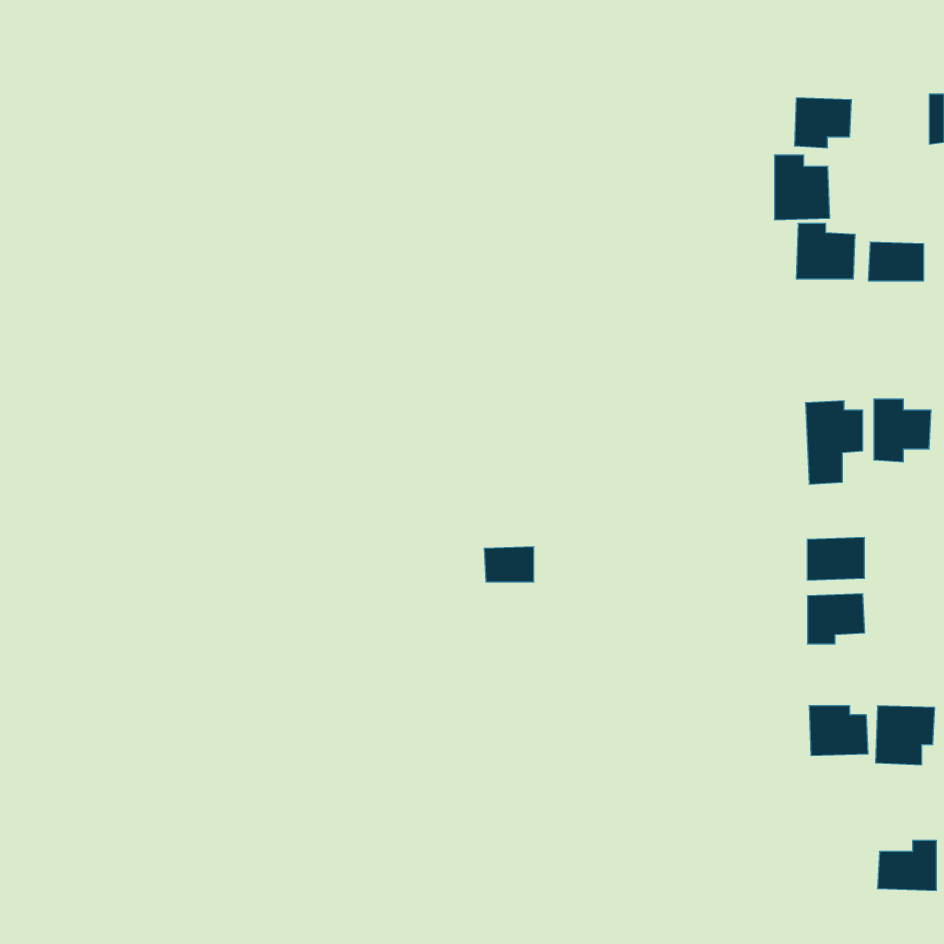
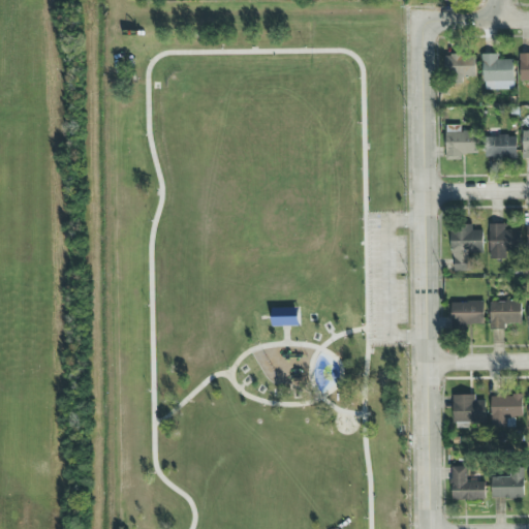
building: [774,155,830,220] -> [484,54,515,90]
building: [807,594,865,644] -> [490,301,522,329]
building: none -> [452,466,486,499]

